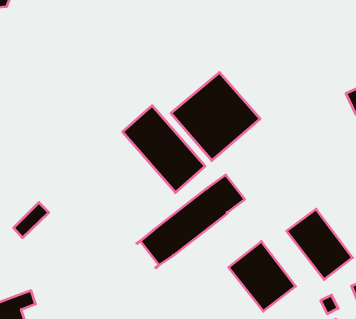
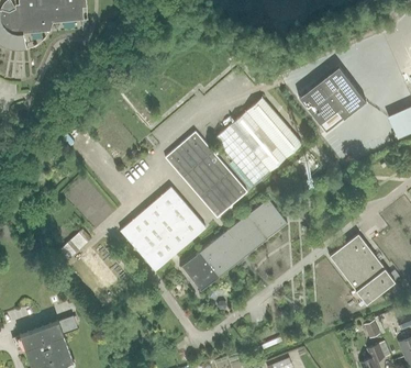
building: none -> [298,66,366,133]
building: none -> [122,187,206,270]
building: [229,241,296,311] -> none

